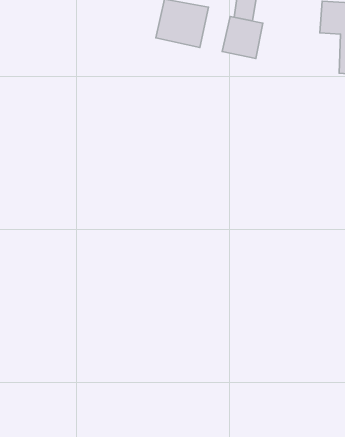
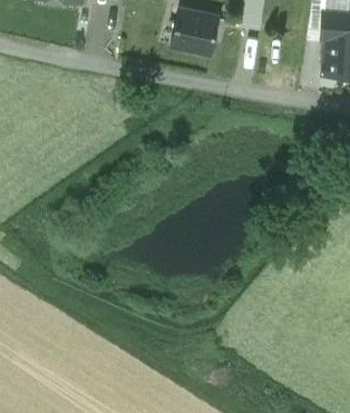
building: [222,17,263,59] -> none

